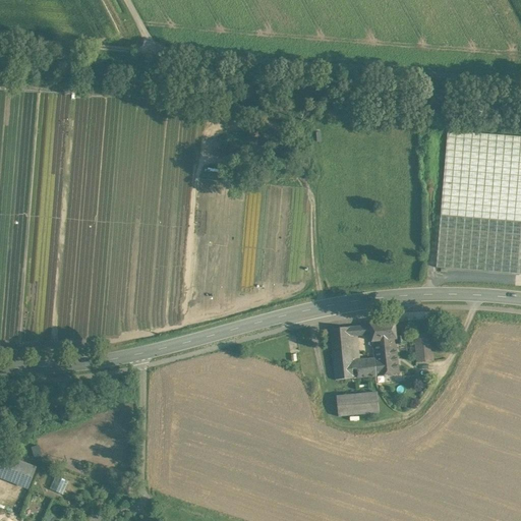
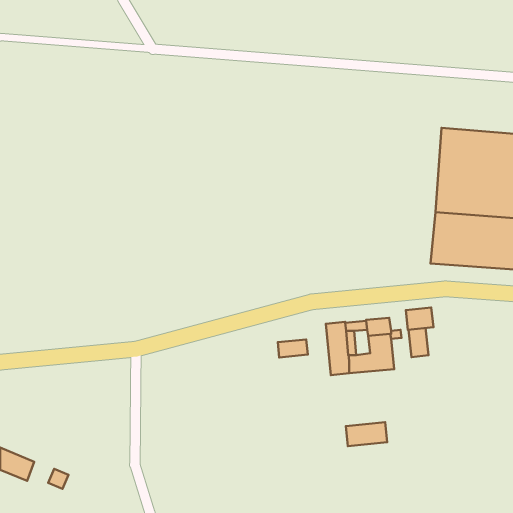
building: none -> [406,307,433,330]
building: none -> [278,339,308,357]
building: [338,392,380,416] -> [346,422,387,446]

